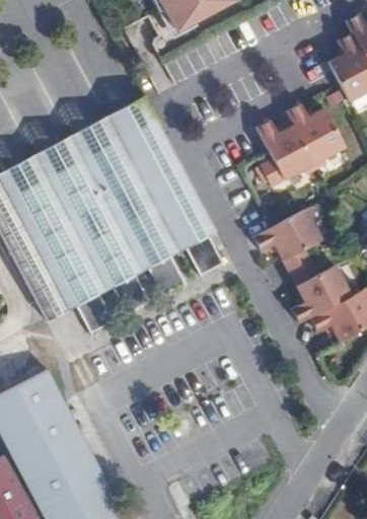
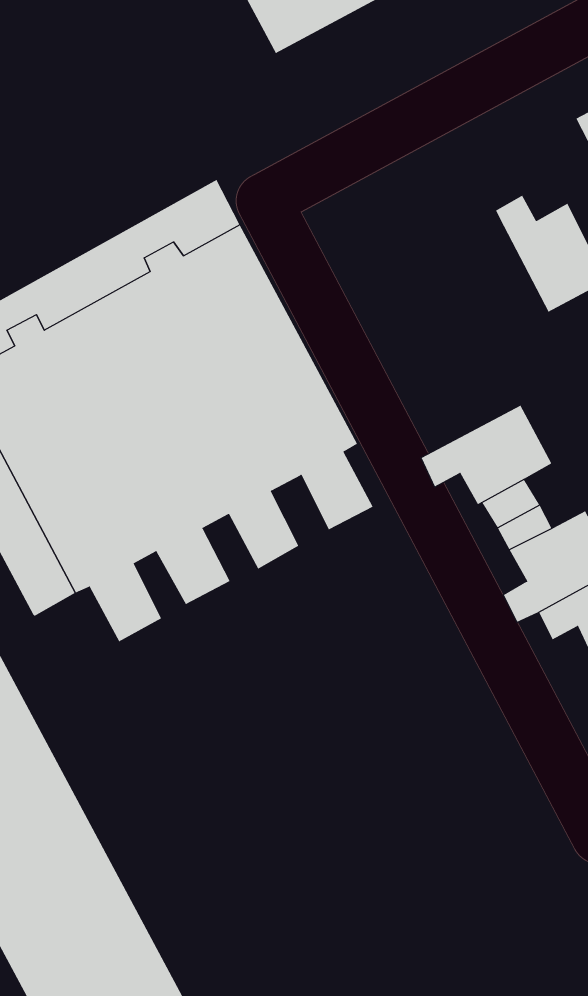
building: [255,119,314,187] -> none

